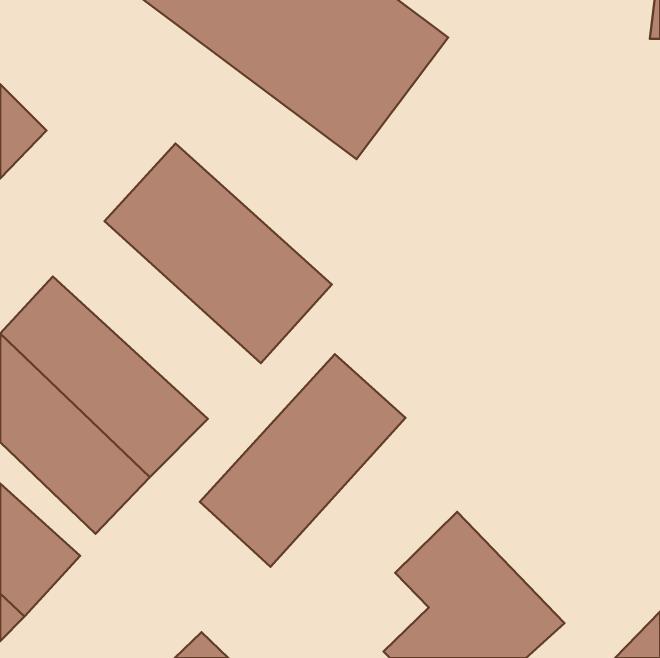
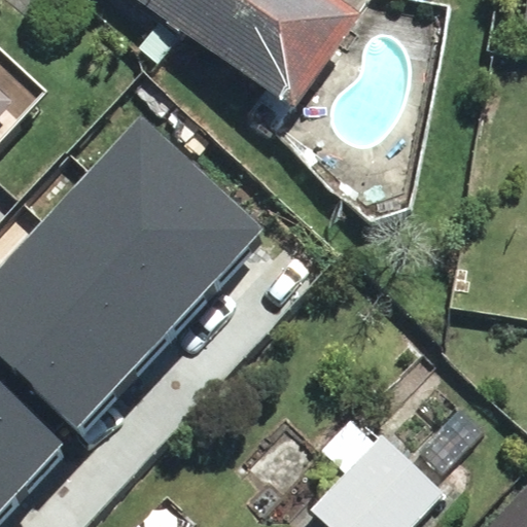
building: none -> [42,176,208,333]
building: [200,354,406,567] -> none

